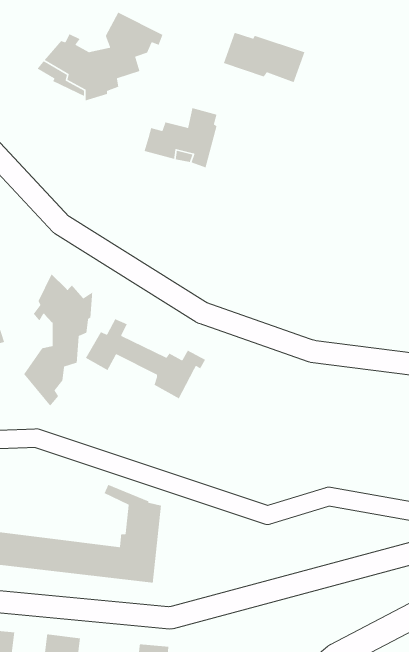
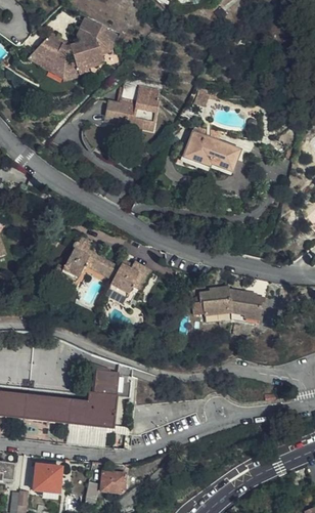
building: [223,32,306,83] -> [183,132,242,169]
building: [23,273,93,407] -> none
building: none -> [198,285,264,325]

